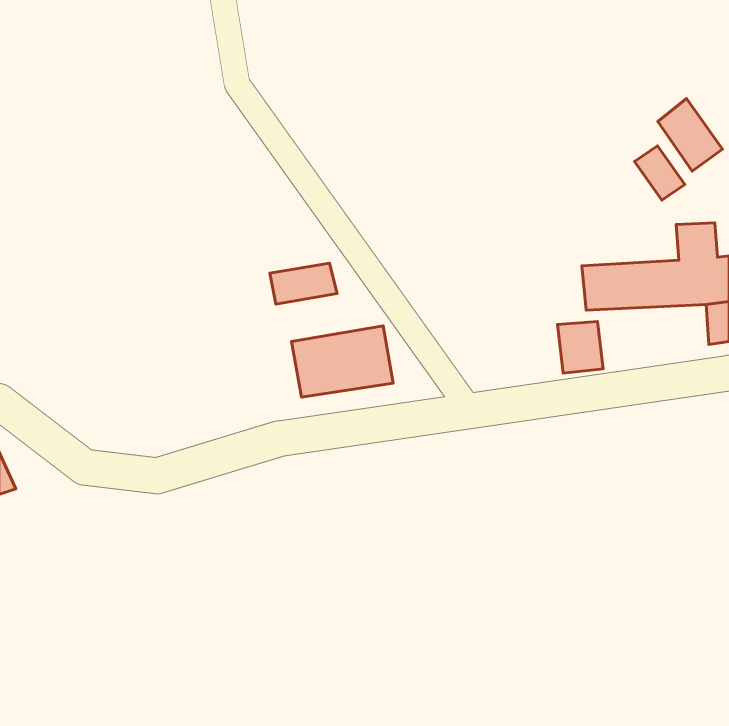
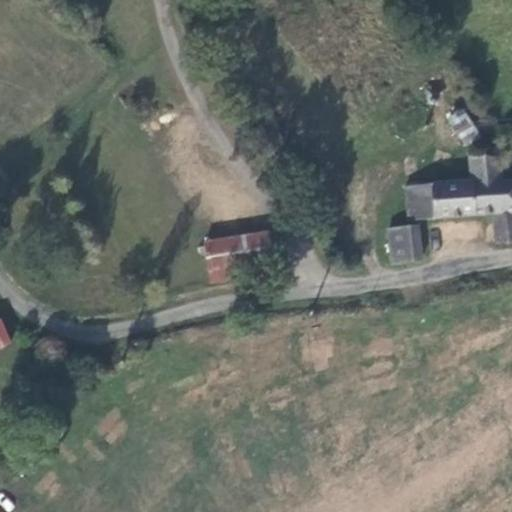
building: [658,98,722,171] -> none
building: [270,263,337,304] -> none

